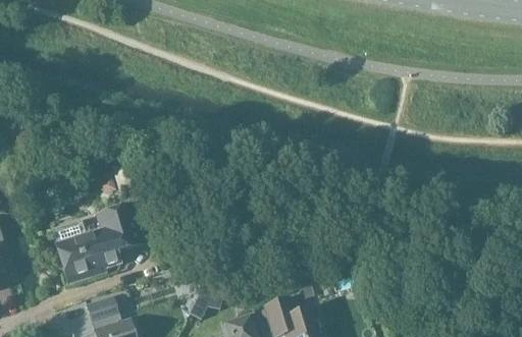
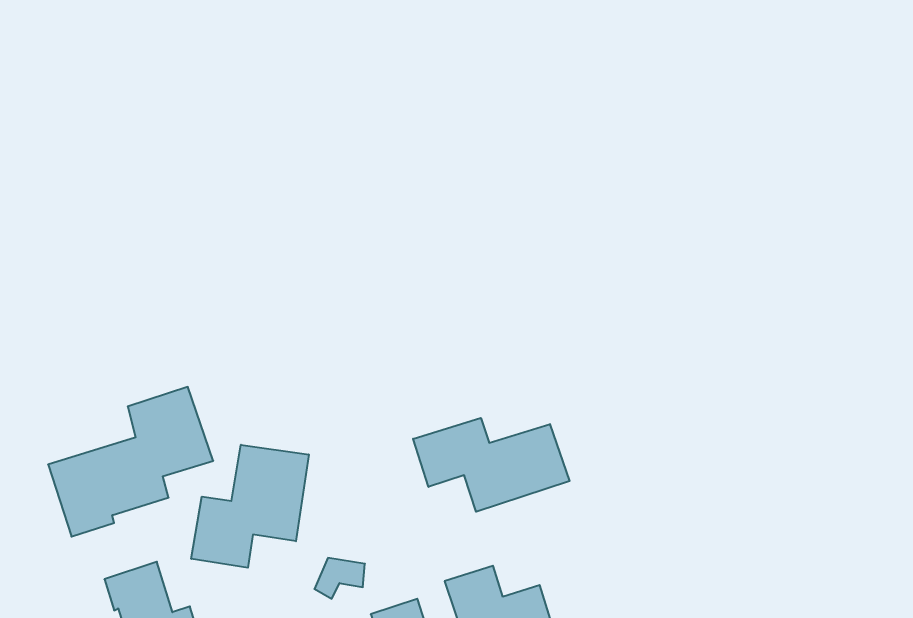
building: none -> [413,418,570,512]
building: none -> [191,445,309,568]

